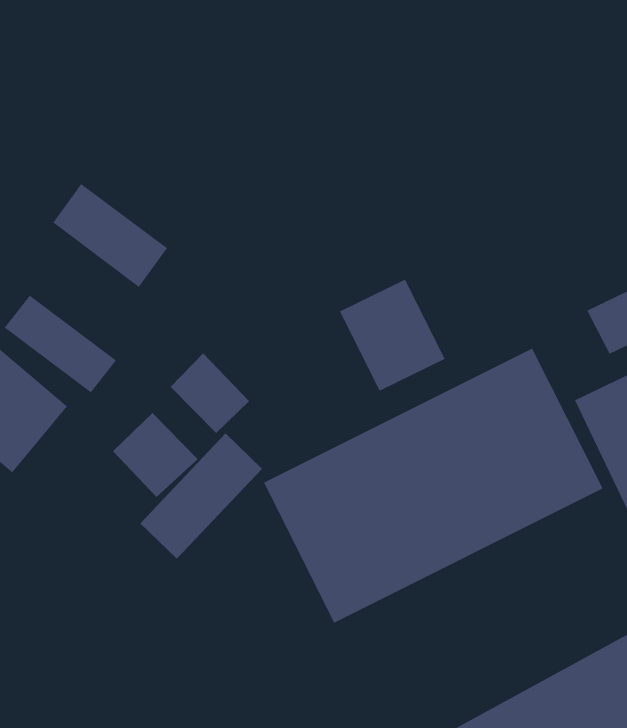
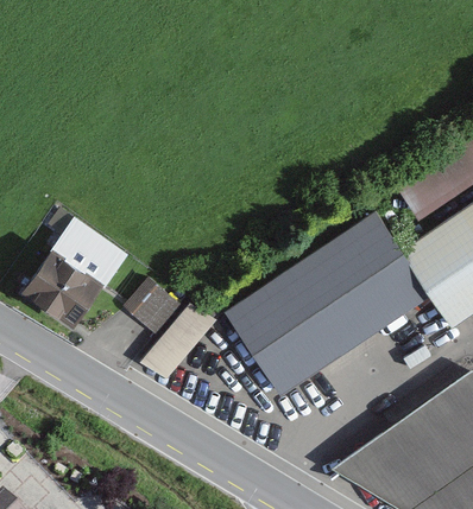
building: [52,183,168,288] -> none
building: [339,279,445,392] -> none
building: [170,353,250,434] -> none

